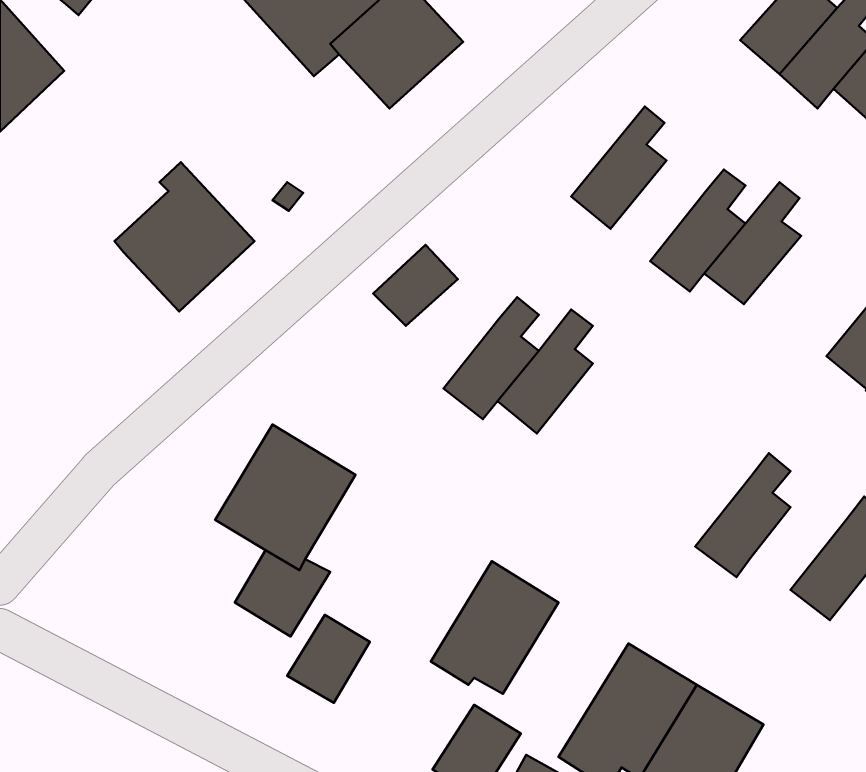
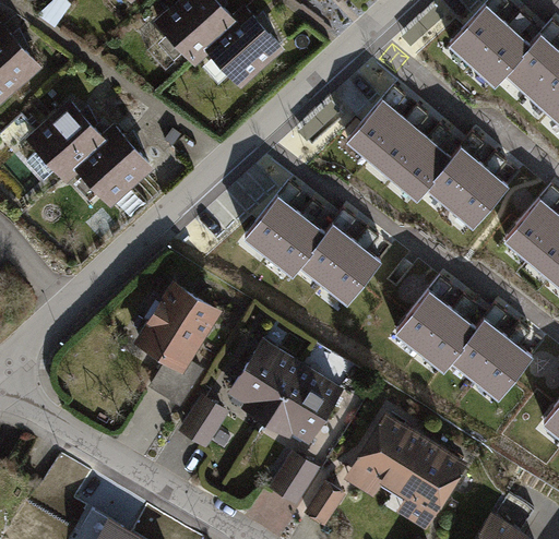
building: none -> [19,98,103,188]
building: none -> [371,106,429,181]
building: none -> [452,153,510,227]
building: none -> [246,183,304,259]
building: none -> [326,230,384,304]
building: none -> [399,279,456,355]
building: none -> [456,306,514,381]
building: none -> [224,338,299,424]

